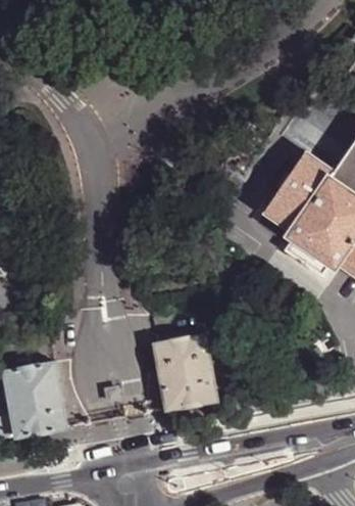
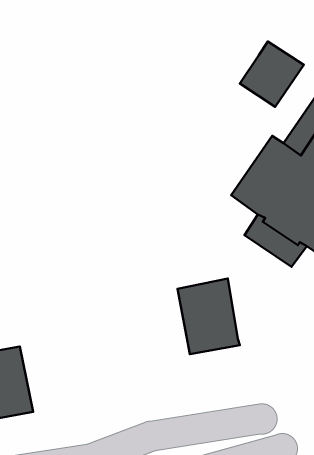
building: none -> [240,41,304,107]
building: [156,335,218,411] -> [178,279,240,354]

